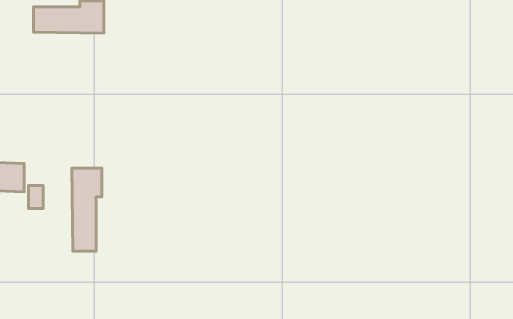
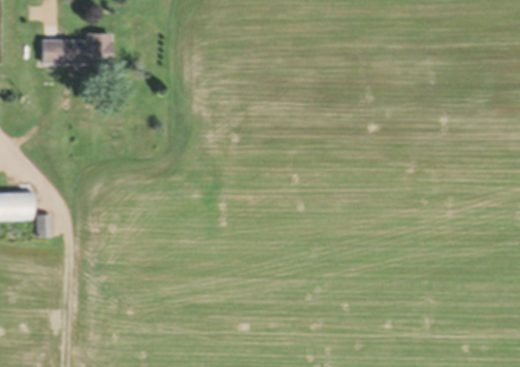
building: [72,168,102,251] -> none

